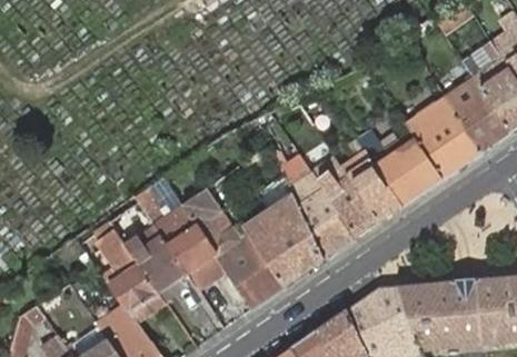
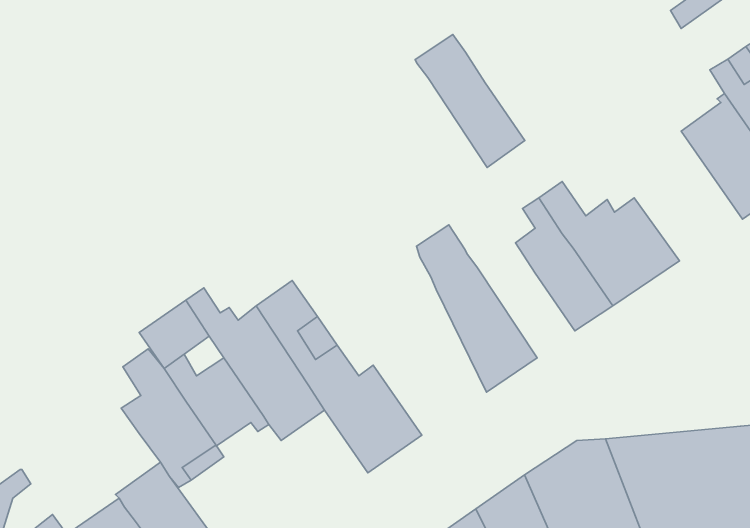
building: [399,91,483,178] -> none
building: [311,156,379,238] -> [415,34,525,167]
building: [249,196,325,286] -> none

